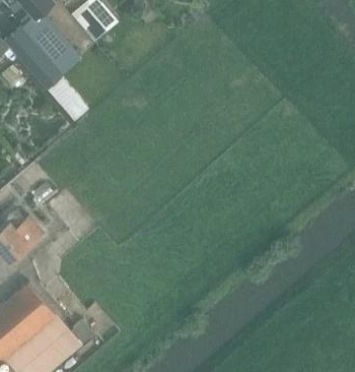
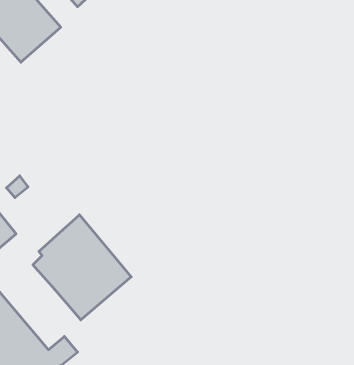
building: none -> [33,215,131,320]

